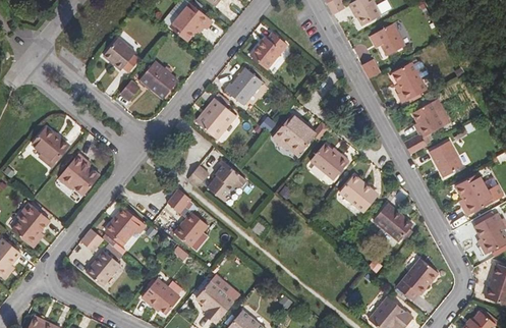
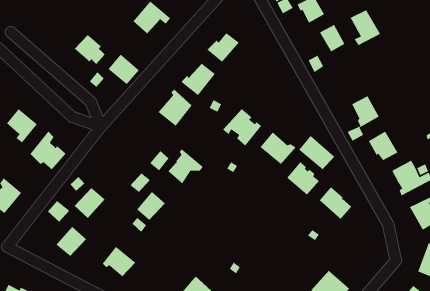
building: [394,64,429,105] -> [350,9,381,46]
building: none -> [298,135,335,170]
building: [392,259,438,302] -> none
building: [195,269,231,315] -> none

